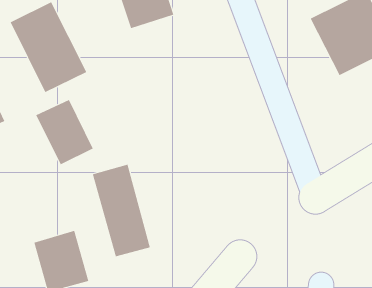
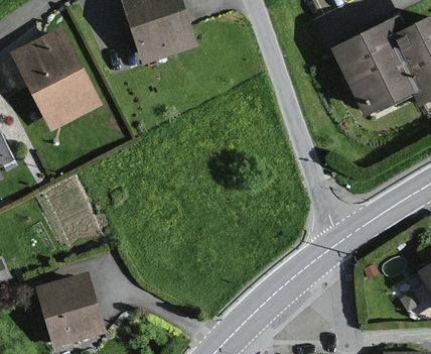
building: [35,99,93,165] -> none
building: [92,164,151,257] -> none

